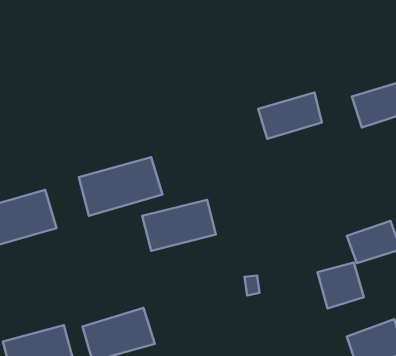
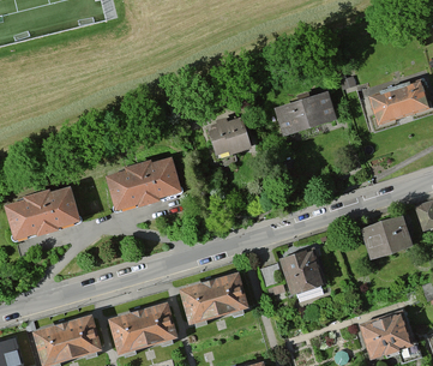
building: none -> [204,116,253,162]
building: [142,200,216,251] -> [176,275,247,324]
building: [318,262,364,308] -> [282,251,326,295]

